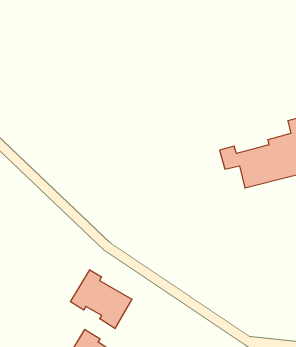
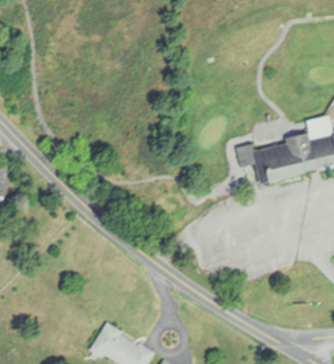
building: [70,270,132,329] -> none

